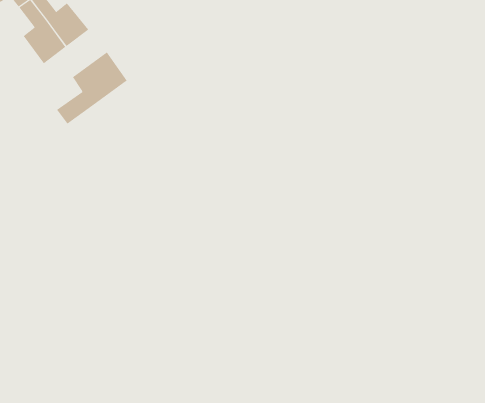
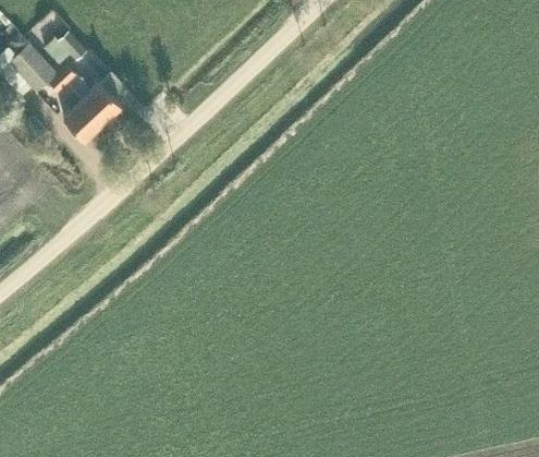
building: [56,51,128,124] -> none

